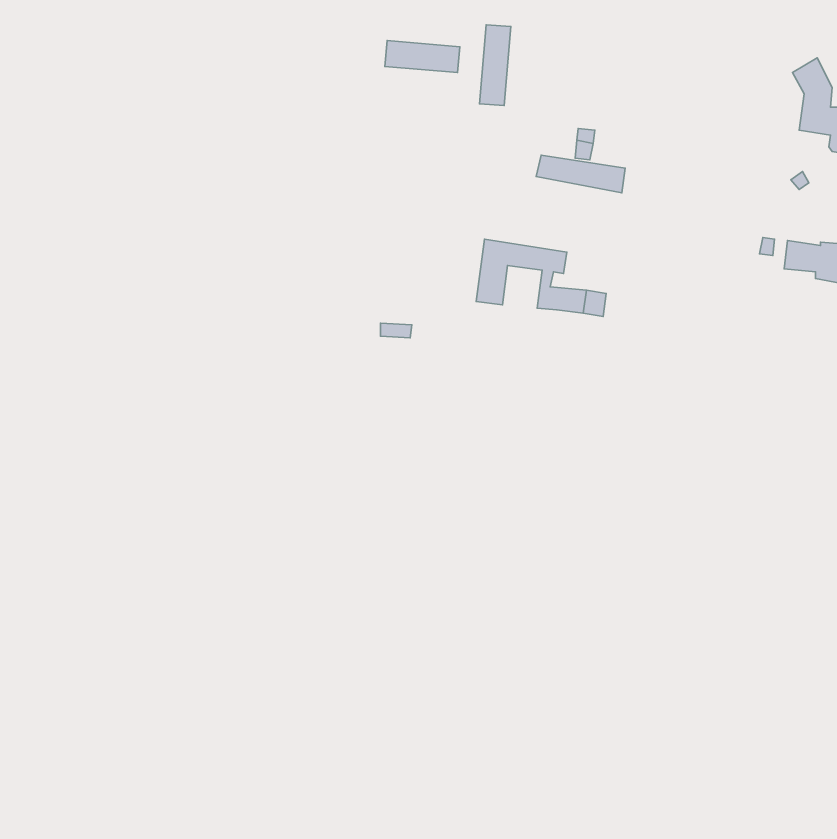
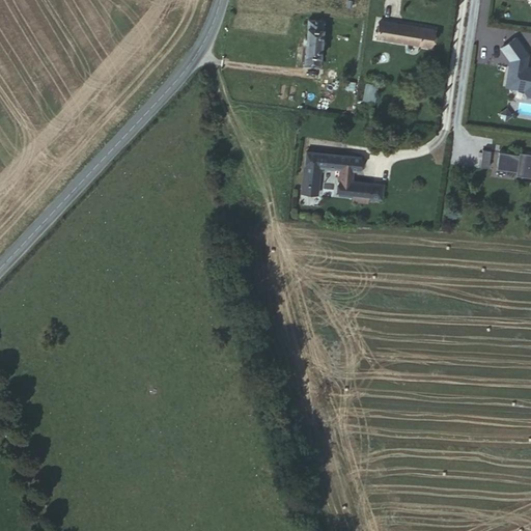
building: [385,41,460,73] -> none
building: [536,155,625,193] -> [373,22,429,46]

